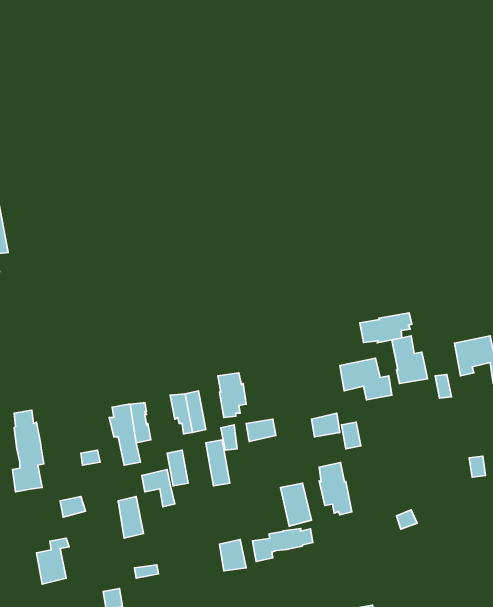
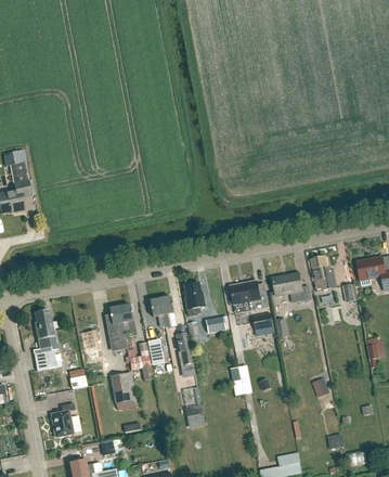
building: [360,313,412,343] -> none
building: none -> [231,281,269,310]
building: [319,462,352,515] -> none
building: [252,529,313,561] -> none

